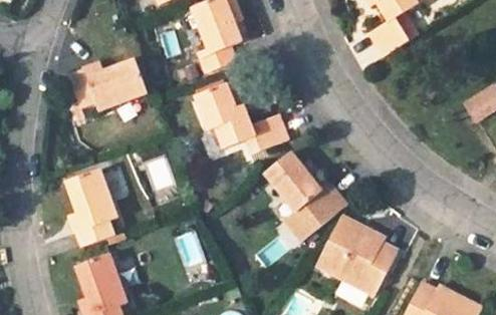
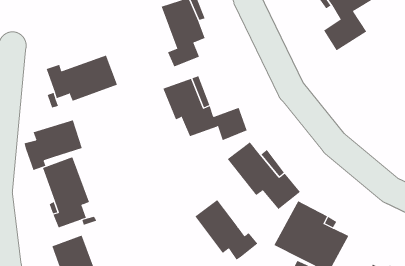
building: none -> [24,119,83,171]
building: none -> [194,199,258,261]

